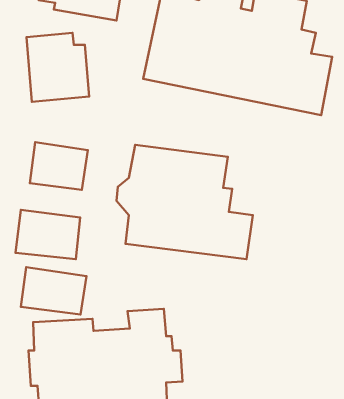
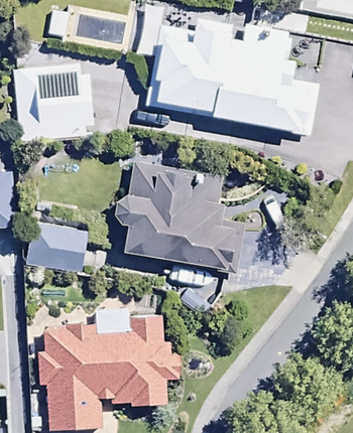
building: [30,142,88,190] -> none
building: [21,267,86,315] -> none

